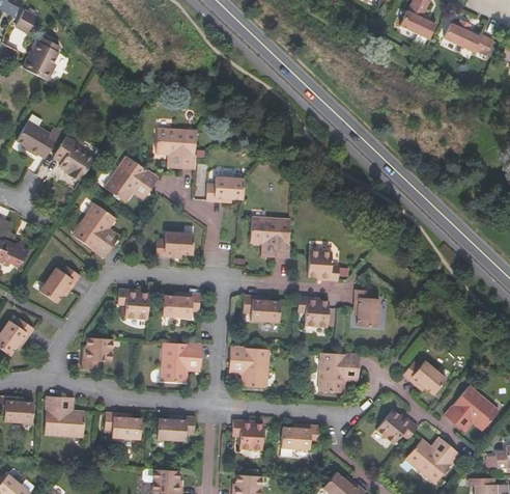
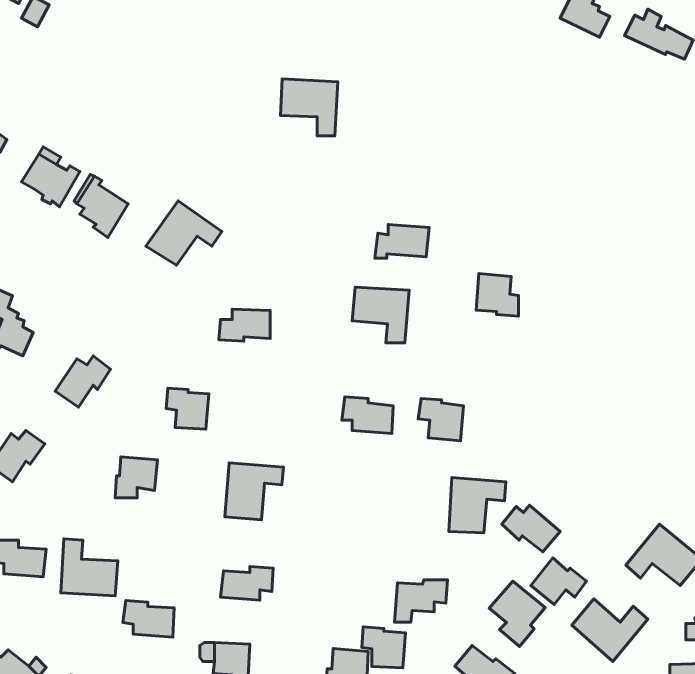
building: [23,39,58,81] -> none
building: [157,129,197,169] -> [281,79,338,136]
building: [206,177,245,201] -> [375,225,429,258]
building: [74,203,116,257] -> none
building: [308,250,338,280] -> [476,274,518,316]
building: [355,290,379,327] -> none
building: [163,294,200,317] -> none
building: [230,347,270,387] -> none
building: [404,360,446,393] -> [502,505,560,552]
building: [105,413,141,439] -> [123,601,174,637]
building: [233,420,264,449] -> [362,627,406,668]
building: none -> [489,581,545,646]

